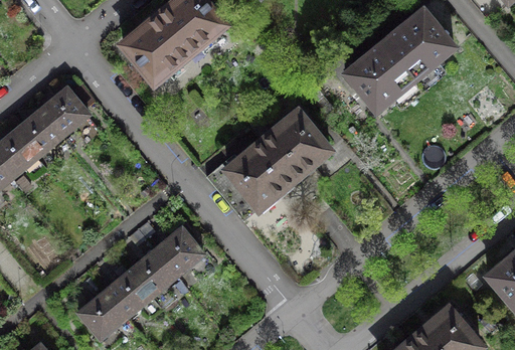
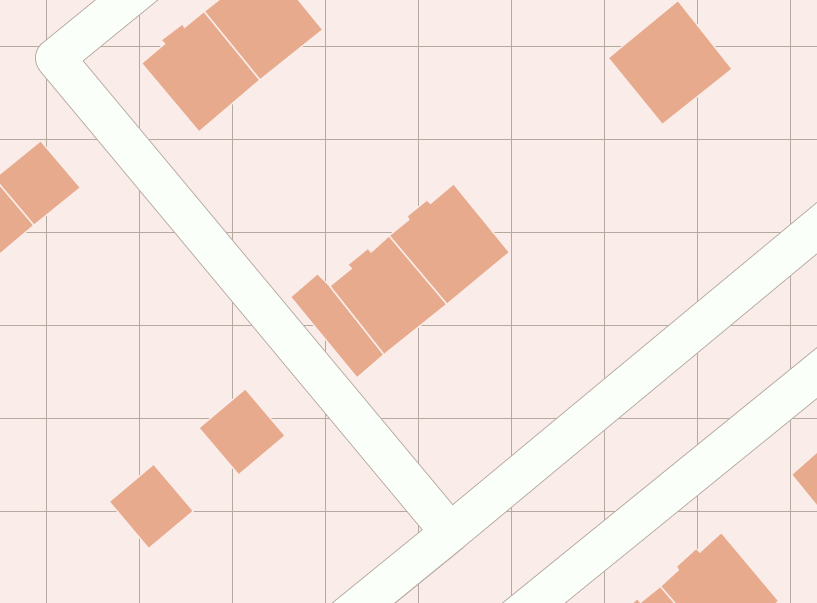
building: [345,42,414,112] -> none
building: [130,249,177,296] -> none
building: [78,291,127,338] -> none

